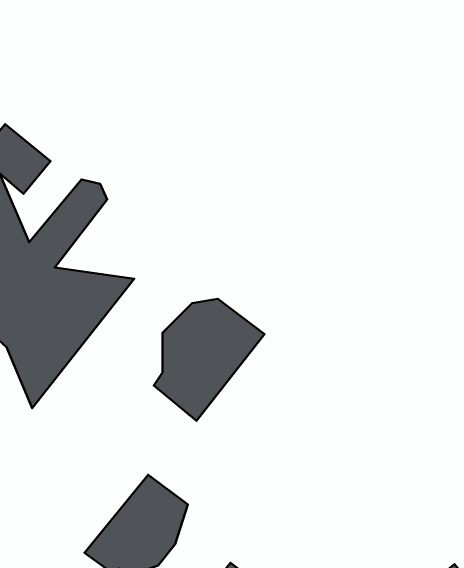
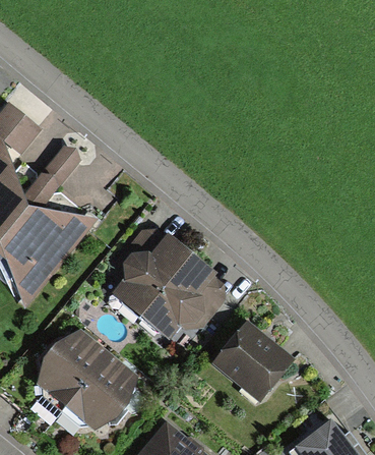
building: none -> [143,255,225,338]
building: none -> [213,322,295,401]
building: none -> [38,327,109,412]

